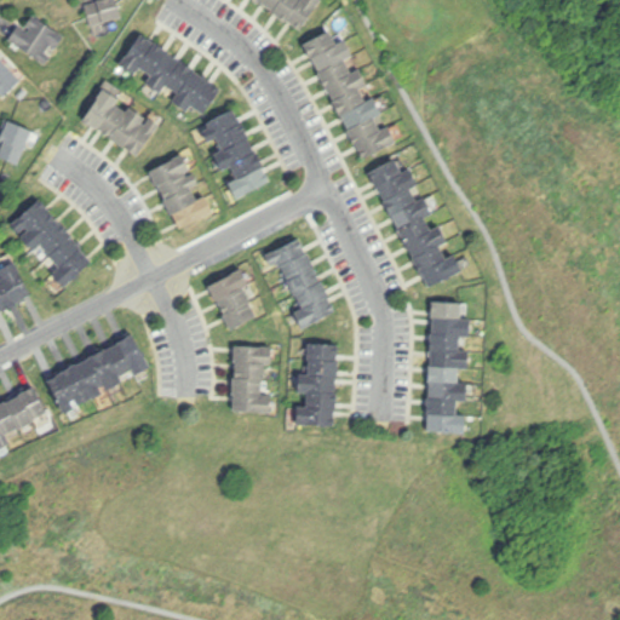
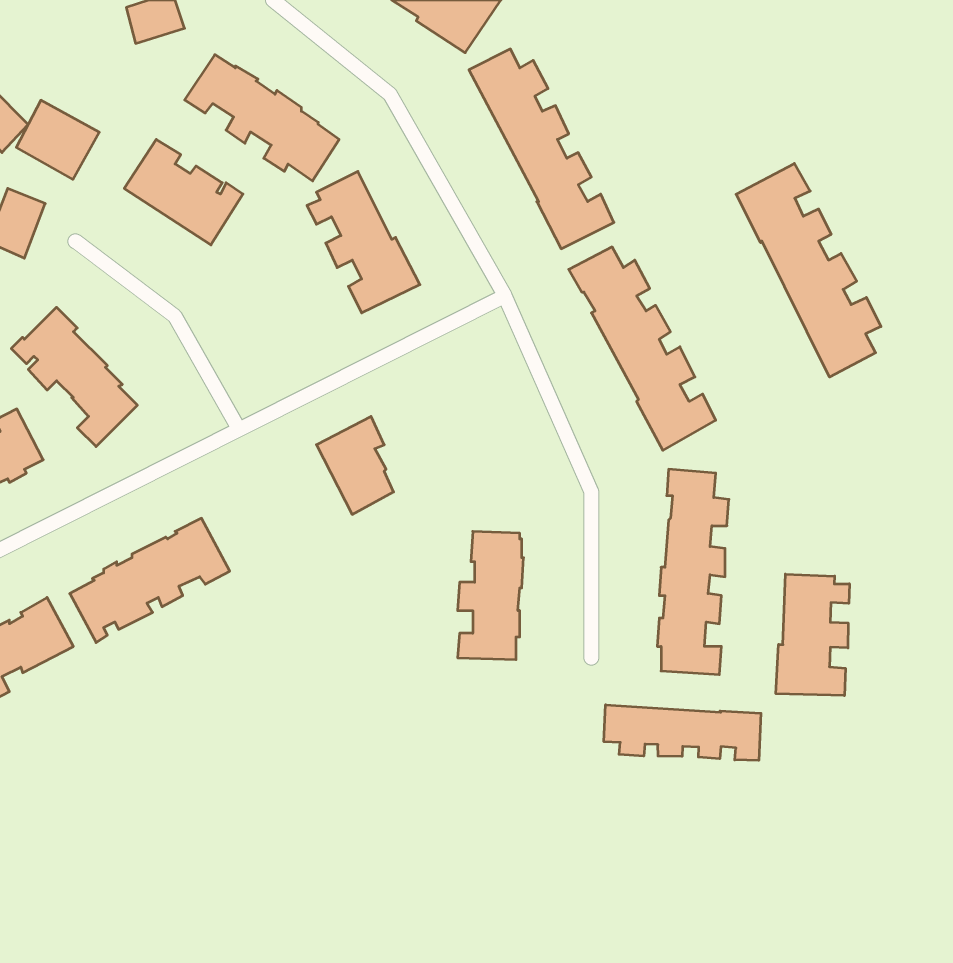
building: [7,13,61,64] -> [16,100,99,179]
building: none -> [736,163,881,377]
building: [144,154,213,232] -> none
building: [262,237,332,328] -> none
building: [228,345,271,415] -> none
building: none -> [776,574,849,696]
building: none -> [604,705,761,760]

